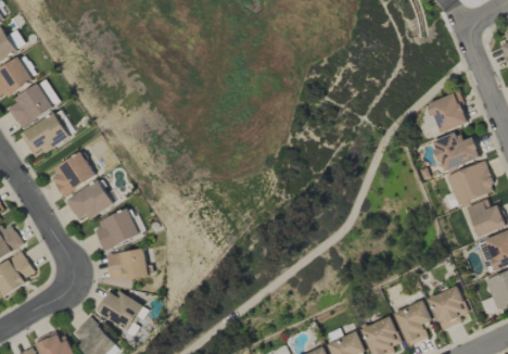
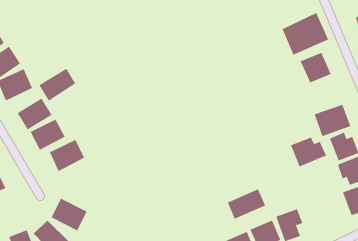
building: none -> [282,12,329,56]
building: none -> [39,68,76,101]
building: [431,131,480,172] -> [290,137,327,167]
building: [105,250,147,281] -> none
building: none -> [227,188,266,219]
building: [428,287,467,330] -> none

